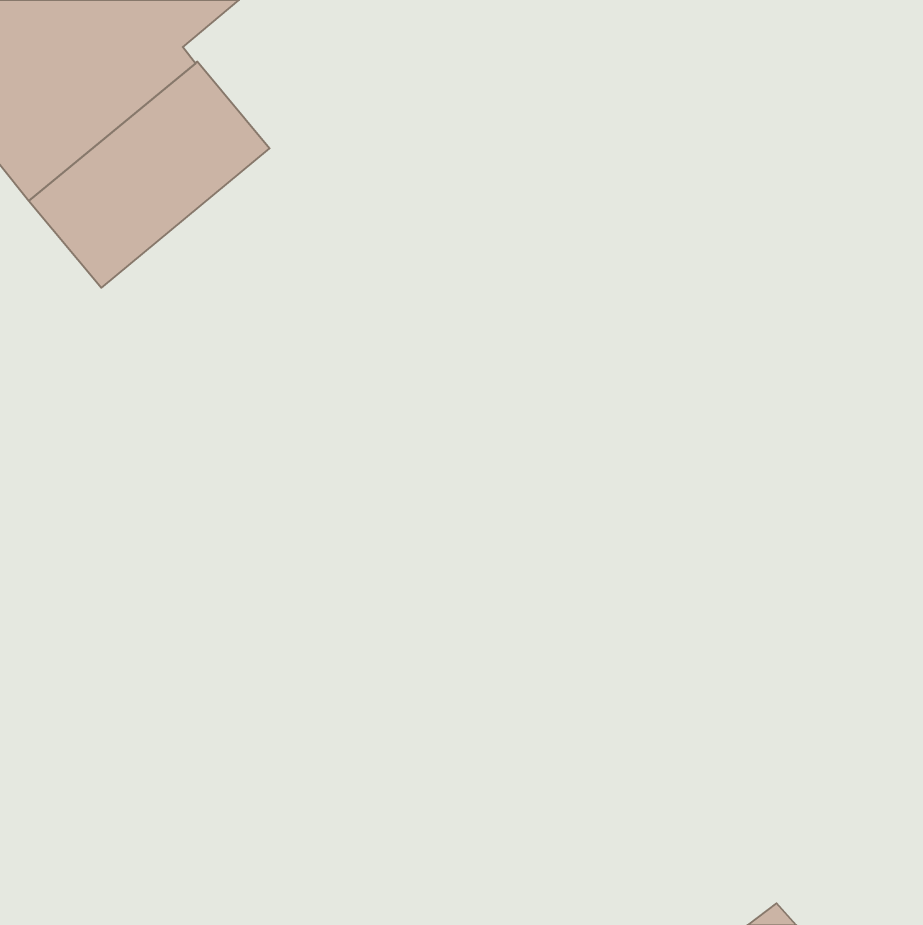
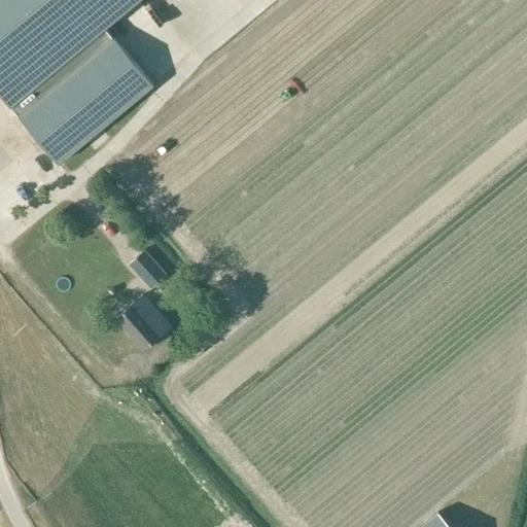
building: none -> [128,249,166,287]
building: none -> [114,293,171,350]

